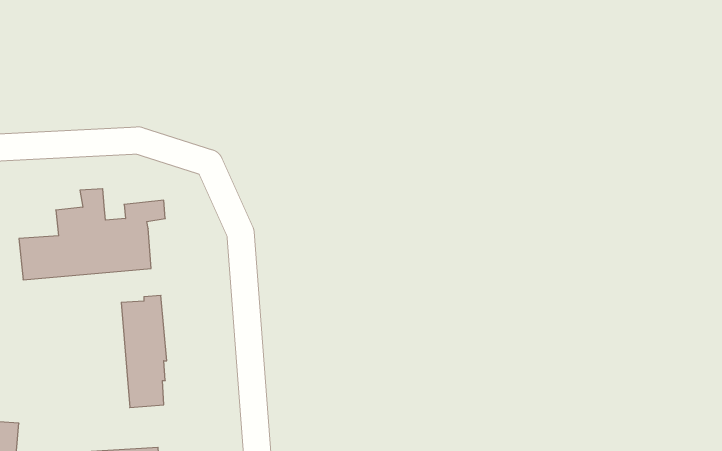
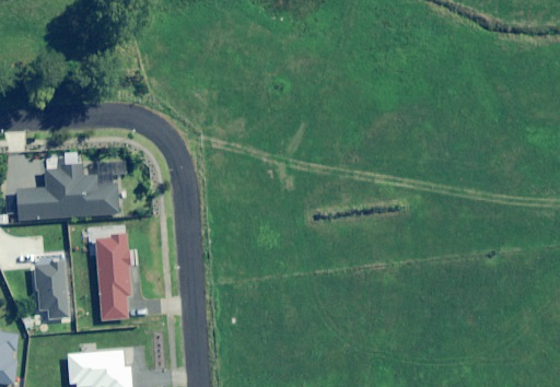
building: none -> [33,262,70,320]

